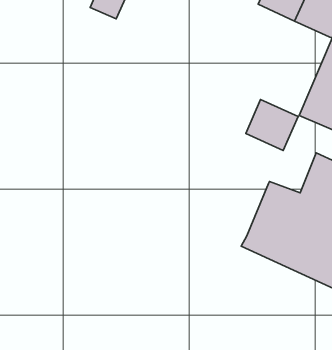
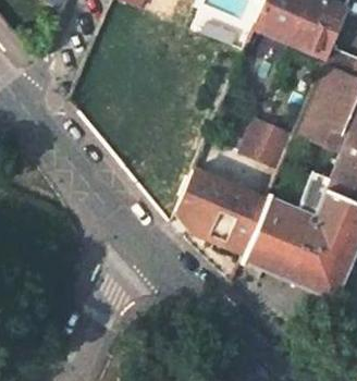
building: none -> [175,167,267,251]

